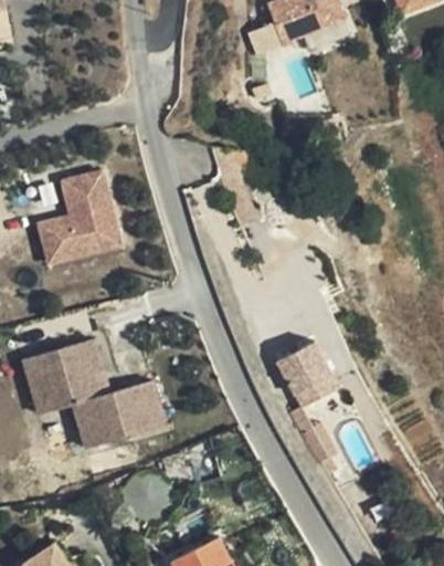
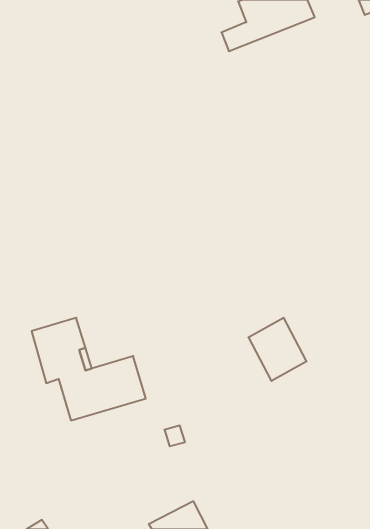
building: [38,168,119,263] -> none
building: [21,354,59,415] -> none

